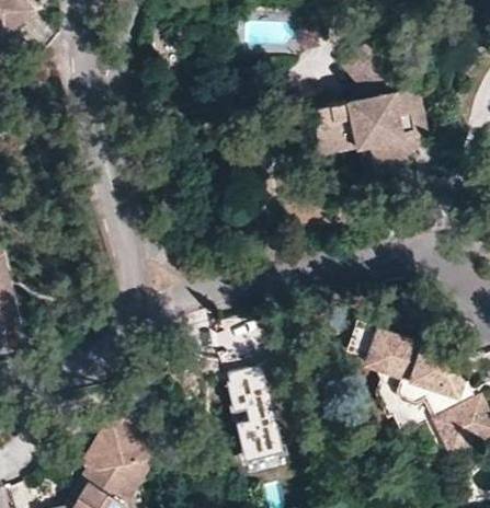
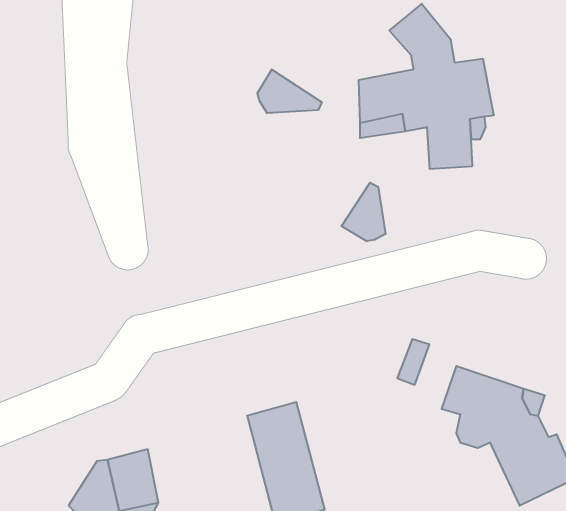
building: none -> [257,69,322,113]
building: none -> [342,183,386,241]

